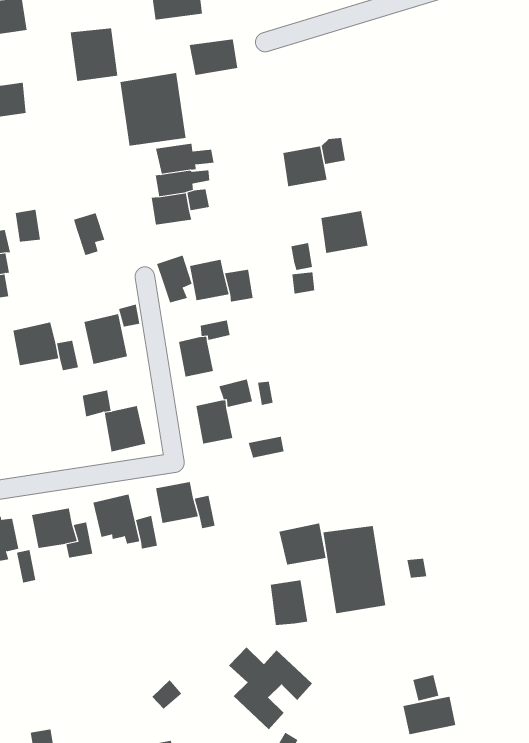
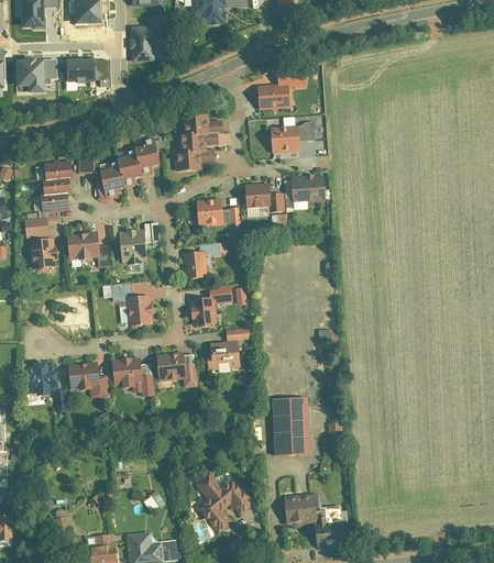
building: [189,39,238,76] -> [257,86,290,109]
building: [120,72,186,147] -> none
building: none -> [101,166,124,198]
building: none -> [246,181,271,207]
building: [156,255,192,303] -> [133,143,157,176]
building: [279,523,327,565] -> [208,341,240,368]
building: [270,579,308,626] -> none
building: none -> [284,494,321,523]

